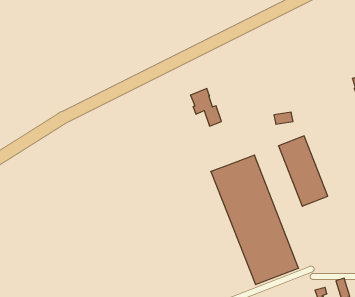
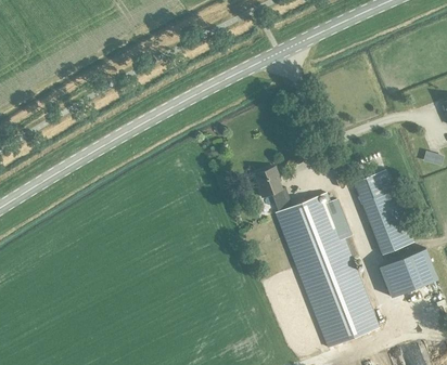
building: [190,89,221,126] -> [255,168,292,212]
building: none -> [379,249,437,298]

